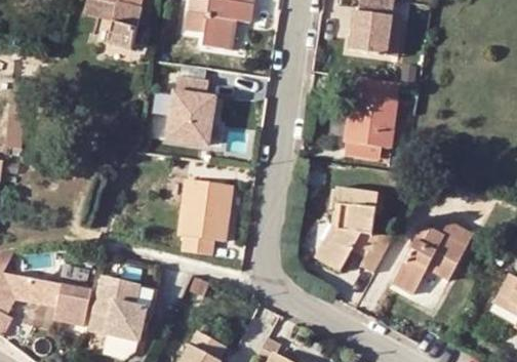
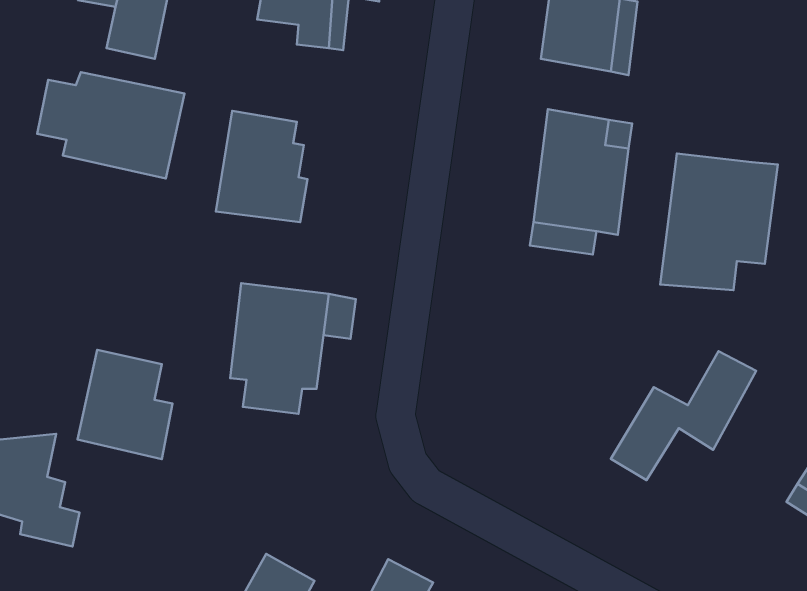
building: none -> [37,72,184,179]
building: none -> [660,154,778,290]
building: [319,187,393,273] -> none
building: [91,279,146,341] -> [77,350,172,459]

